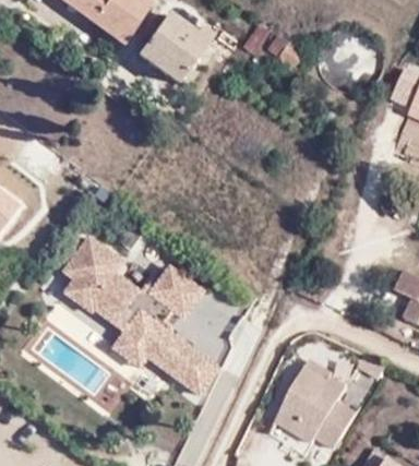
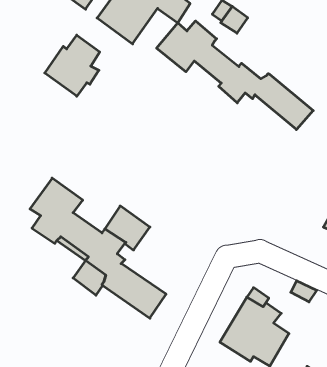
building: none -> [157,21,313,130]
building: none -> [45,35,100,96]

